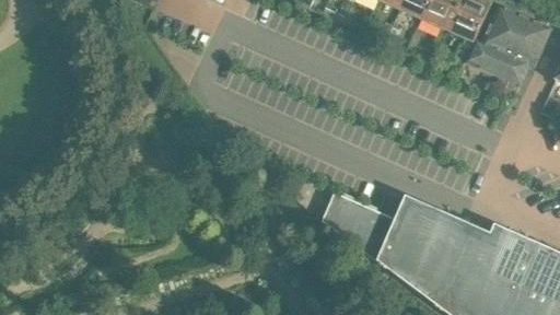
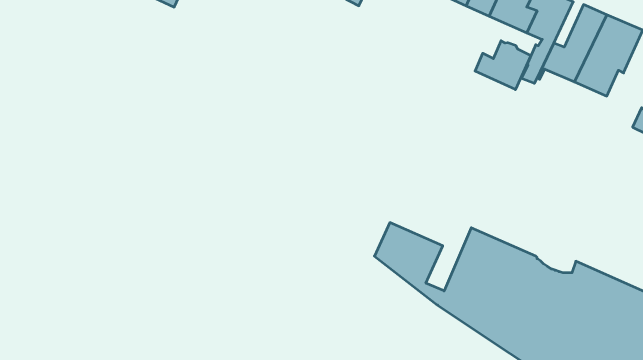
building: none -> [475,41,531,90]

